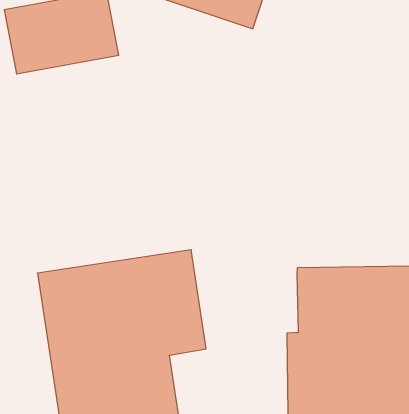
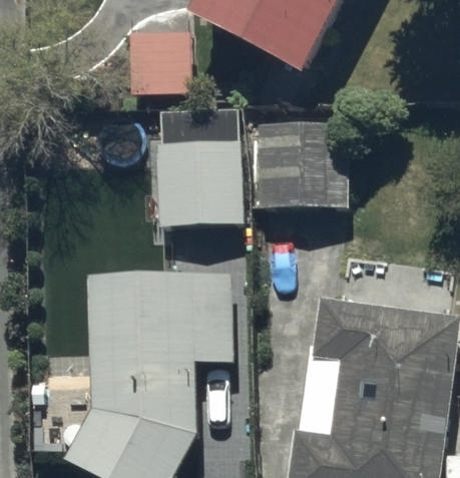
building: none -> [256,119,347,206]
building: none -> [154,138,243,225]

